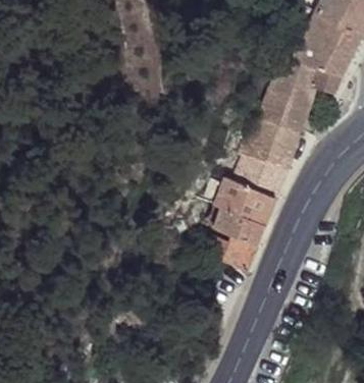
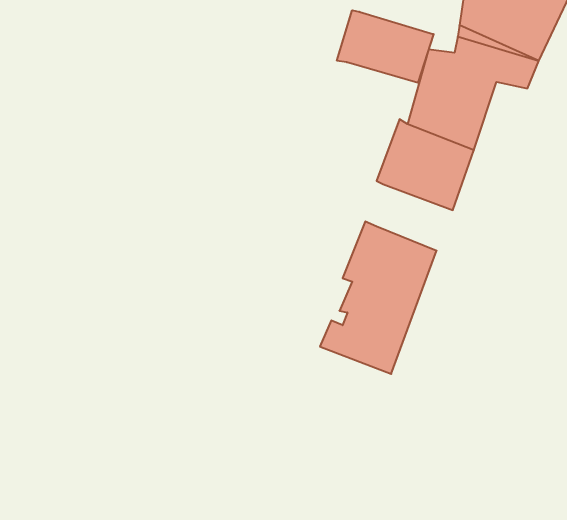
building: none -> [337,10,434,83]
building: [241,152,289,194] -> none

